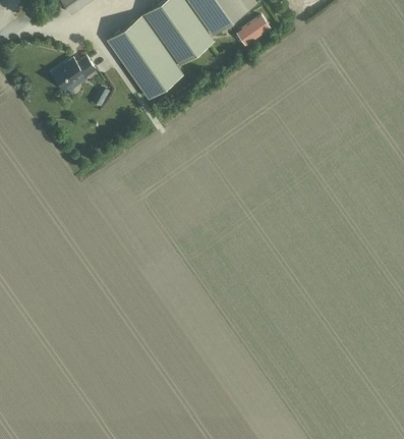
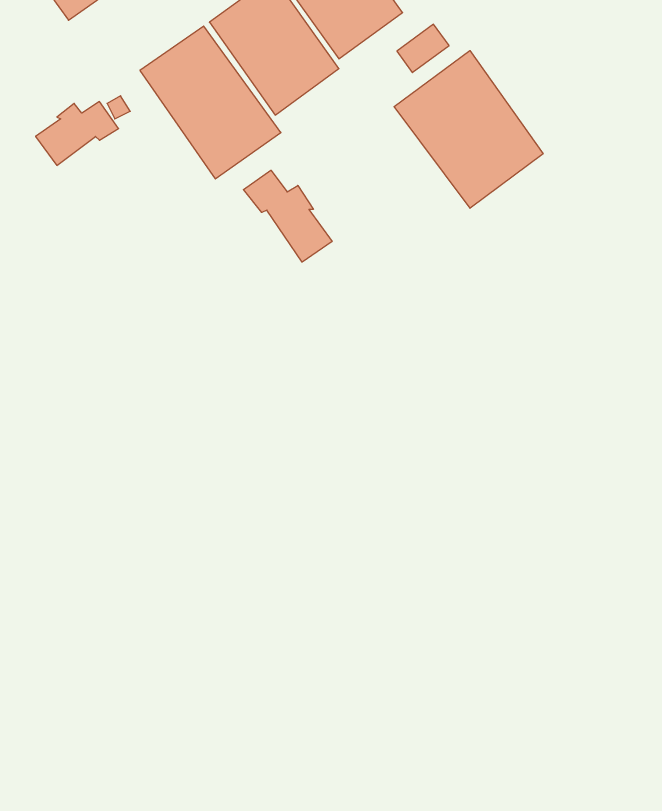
building: none -> [394,51,543,208]
building: none -> [243,170,332,262]

